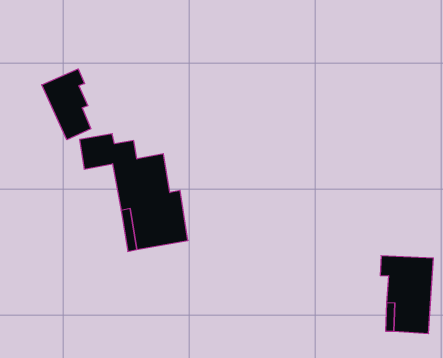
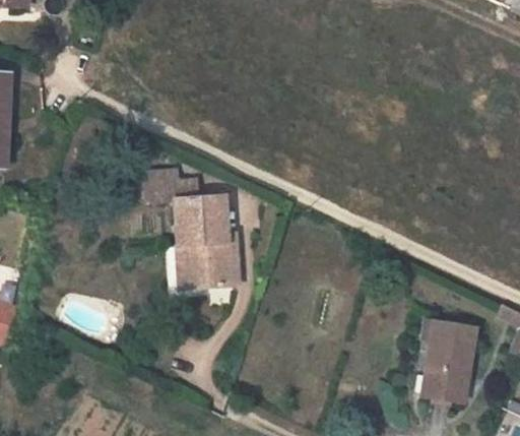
building: [42,69,91,140] -> none

